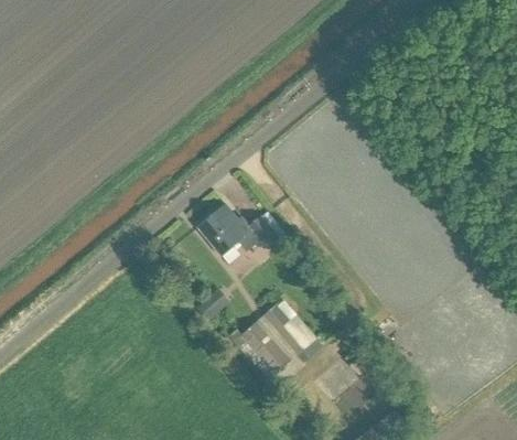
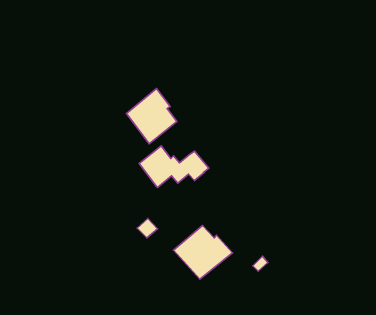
building: none -> [126,88,177,144]

